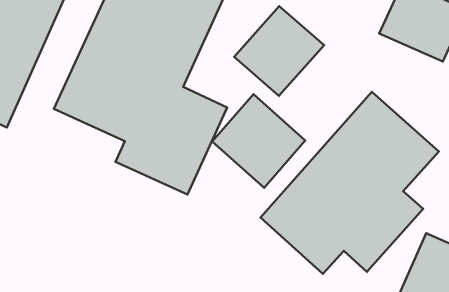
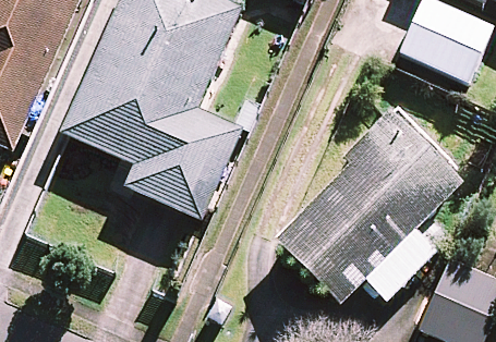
building: [234,6,324,96] -> none
building: [212,94,305,188] -> none

